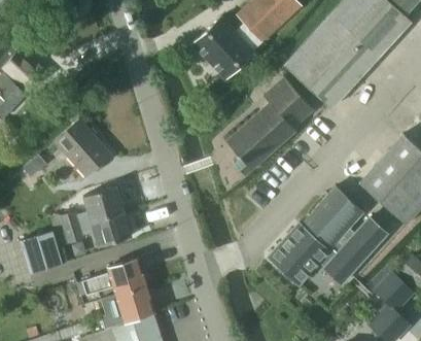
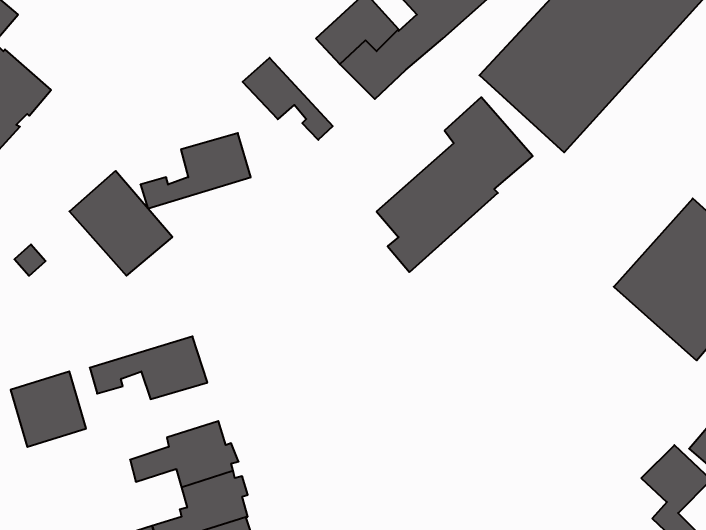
building: none -> [243,58,333,140]
building: [62,186,124,229] -> [140,133,251,208]
building: [269,186,387,284] -> none

